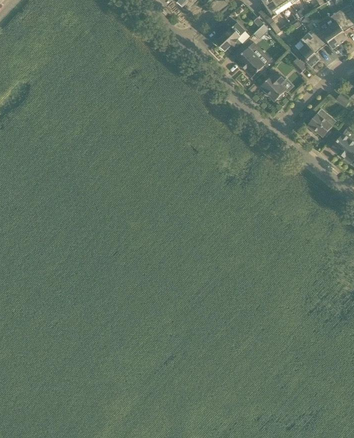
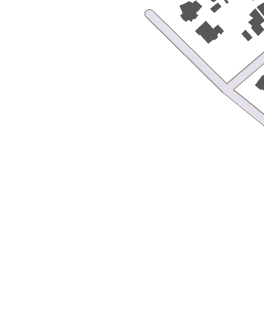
building: [261,71,286,100] -> none

